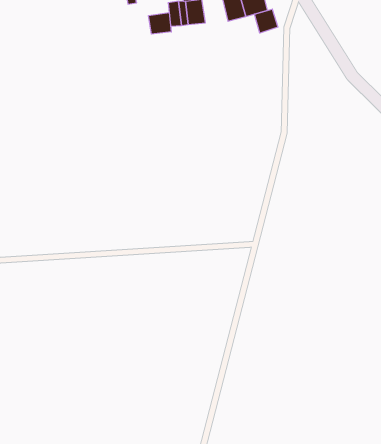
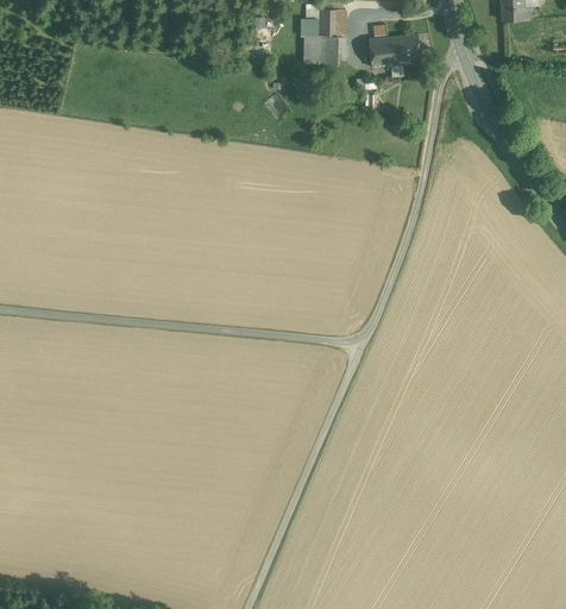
building: [254,9,278,33] -> none
building: [149,12,171,34] -> none

